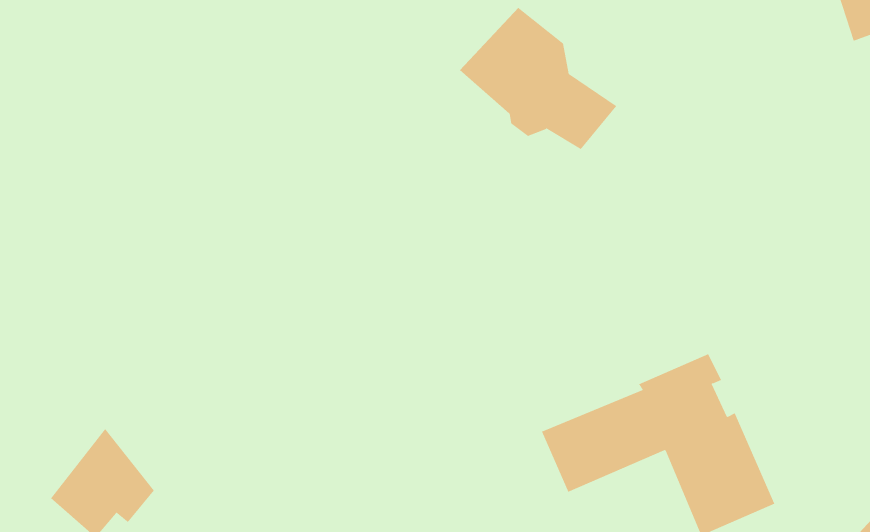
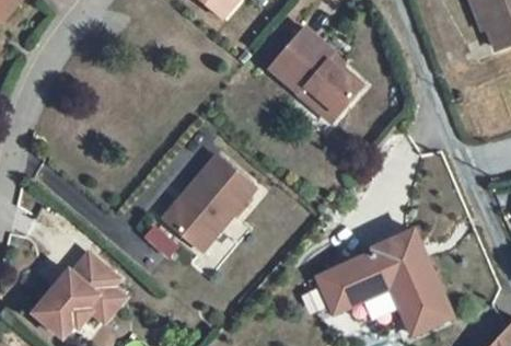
building: none -> [165,159,253,254]
building: none -> [67,256,125,311]

